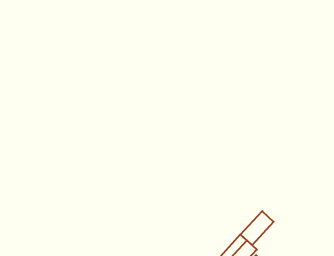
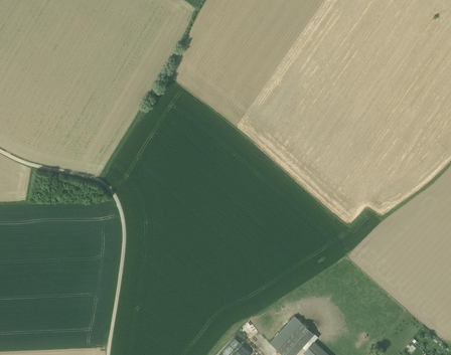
building: [241,211,274,245] -> none

